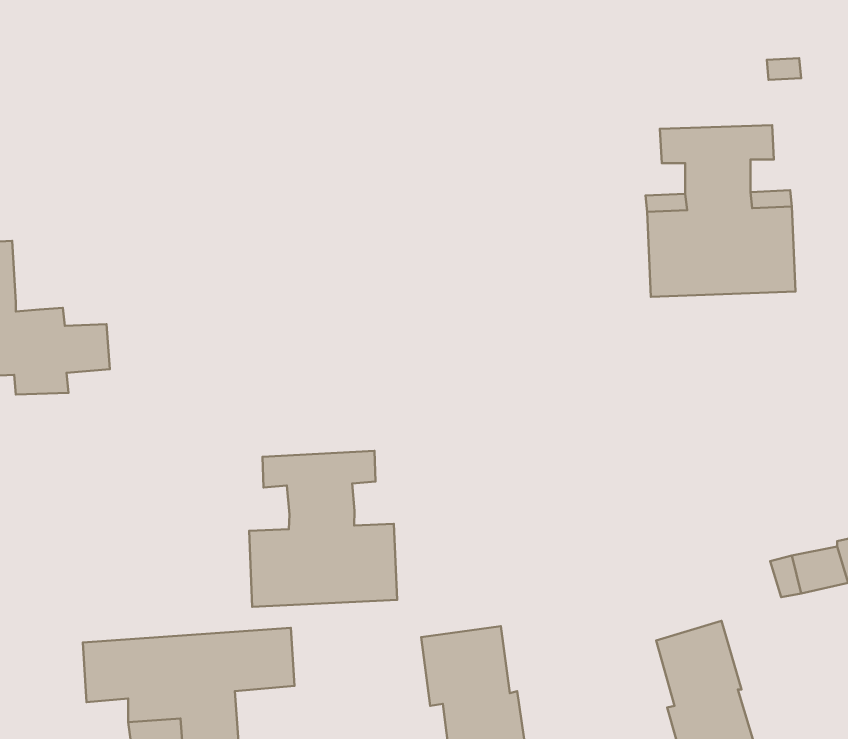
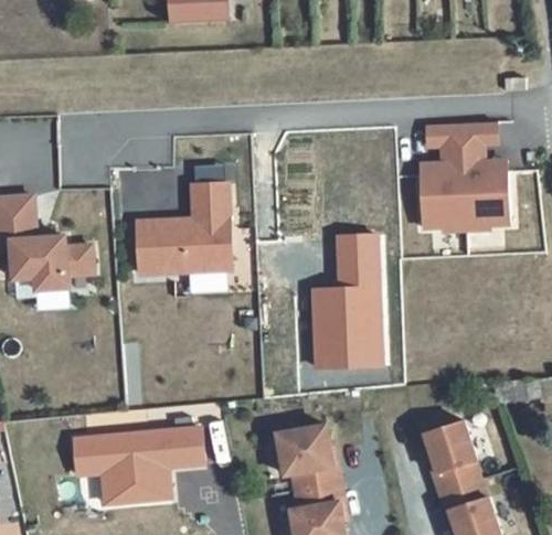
building: none -> [137,182,232,272]
building: none -> [308,242,376,373]
building: [249,451,397,607] -> none

